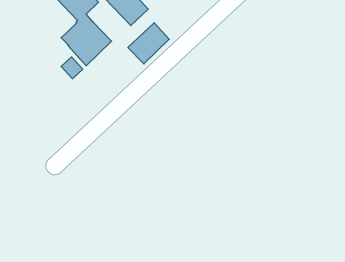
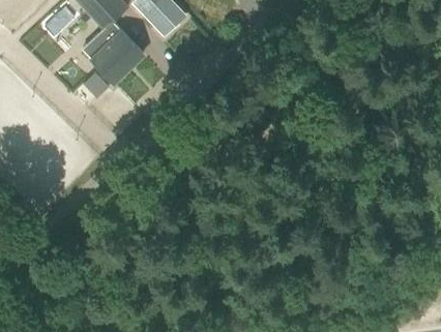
building: [128,23,169,64] -> none

